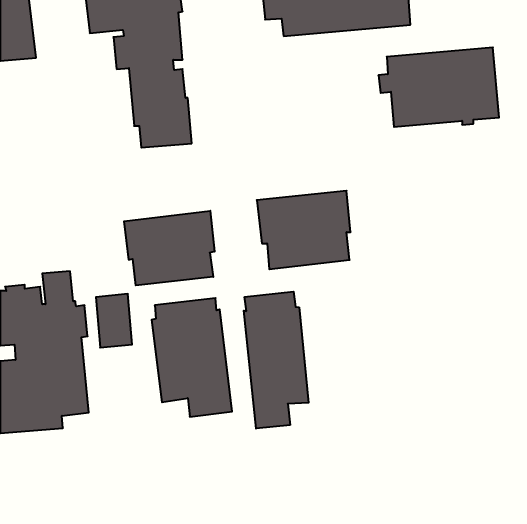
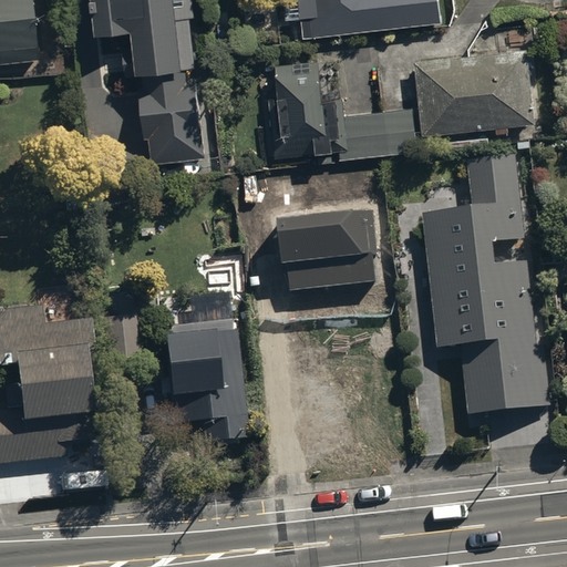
building: none -> [269,61,417,159]
building: none -> [421,157,551,421]
building: [124,211,215,285] -> none
building: [244,292,309,429] -> none

